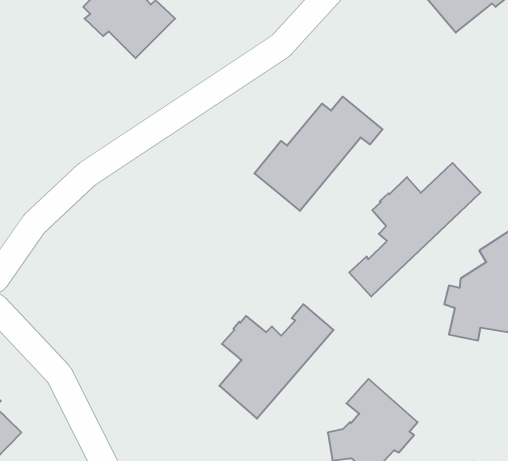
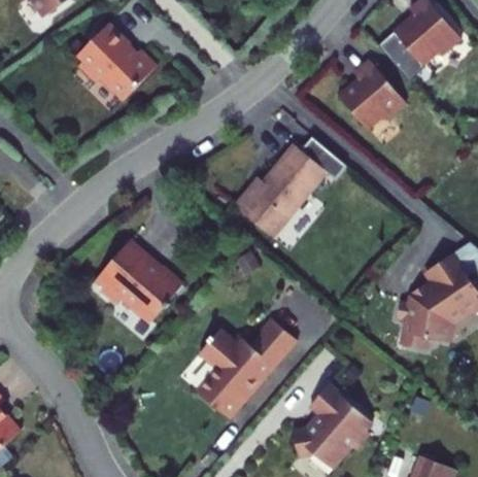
building: none -> [339,60,406,129]
building: [349,163,481,297] -> none
building: none -> [94,240,182,320]

